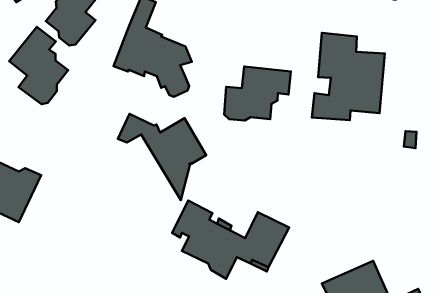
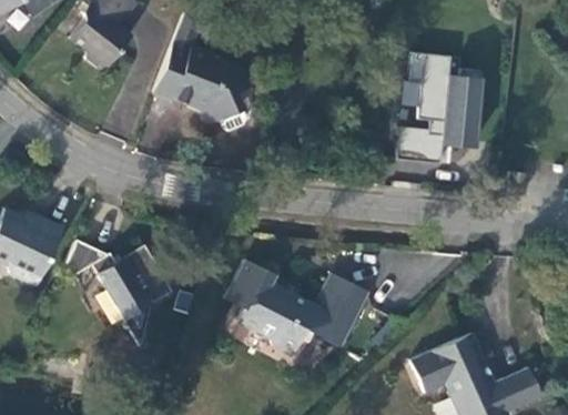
building: [9,27,68,104] -> none
building: [224,66,291,120] -> none
building: [118,114,206,200] -> [61,239,170,345]

